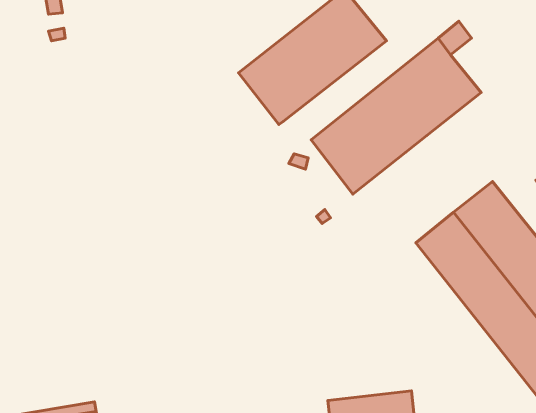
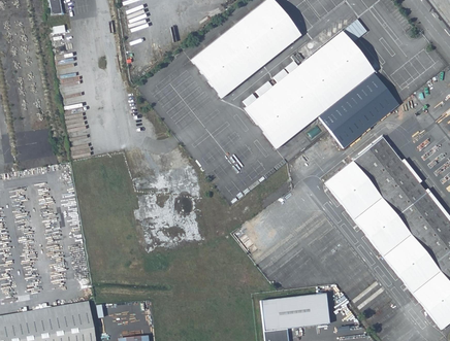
building: none -> [318,72,398,147]

